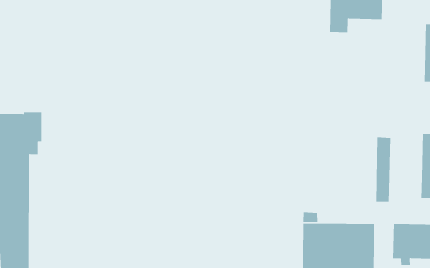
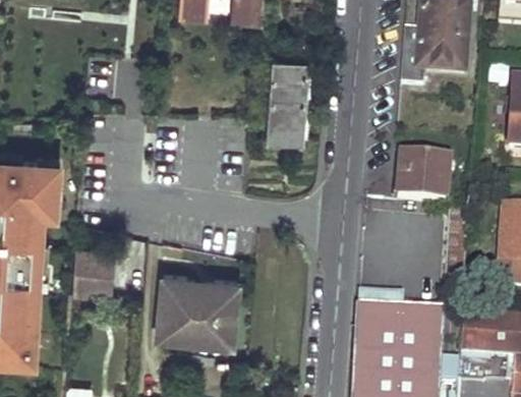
building: none -> [267,59,305,137]
building: none -> [397,154,448,203]
building: none -> [72,250,116,298]
building: none -> [163,279,240,343]

